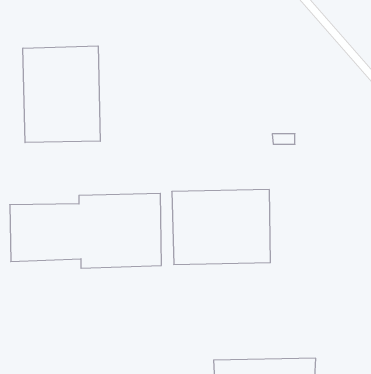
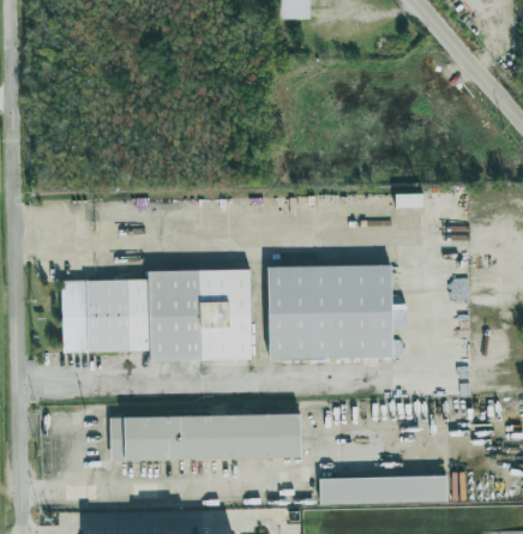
building: [23,46,100,143] -> none
building: none -> [109,415,302,462]

